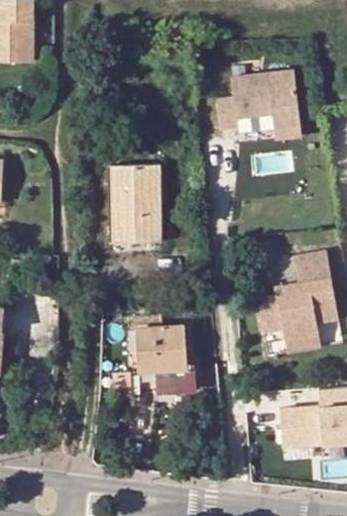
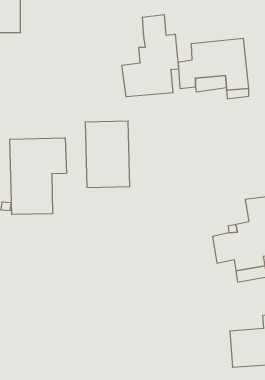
building: none -> [122,14,179,97]
building: none -> [10,138,66,215]
building: [130,325,192,392] -> none

